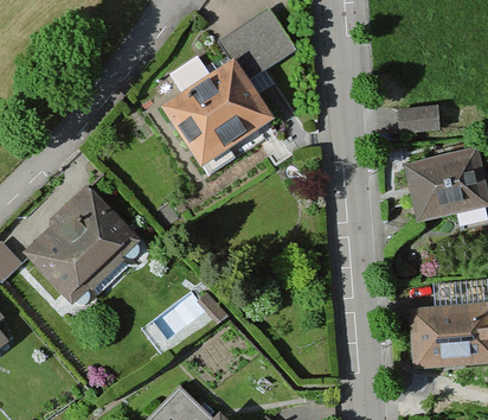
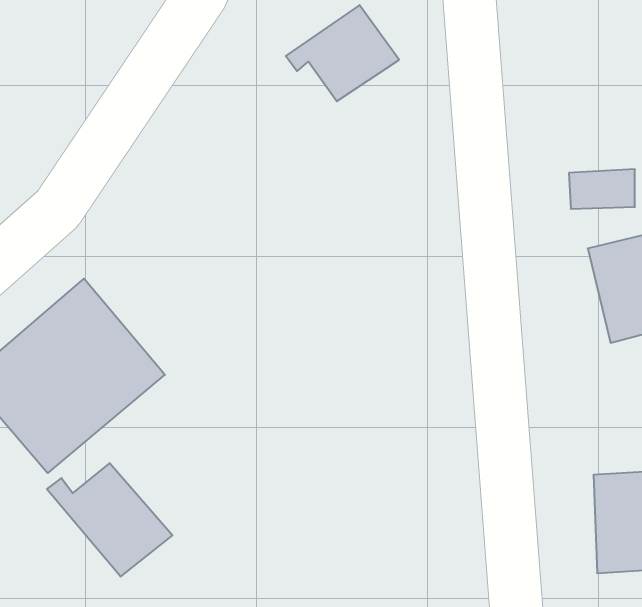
building: [160,56,277,171] -> none
building: none -> [47,463,172,577]

